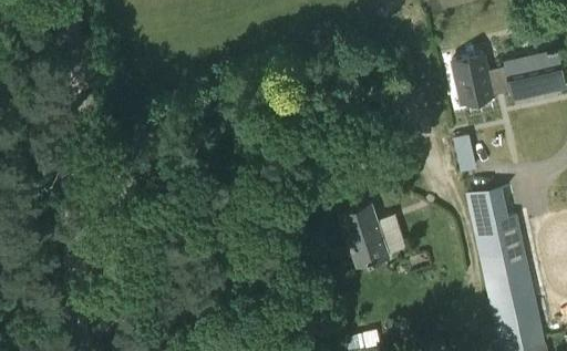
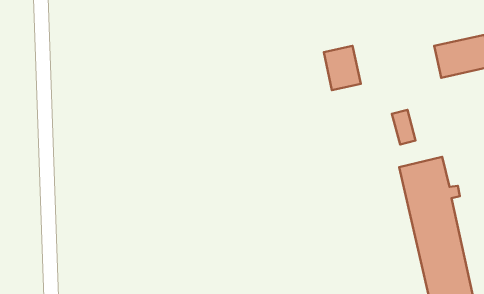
building: [452,58,492,105] -> [324,46,361,90]
building: [340,207,388,268] -> none

